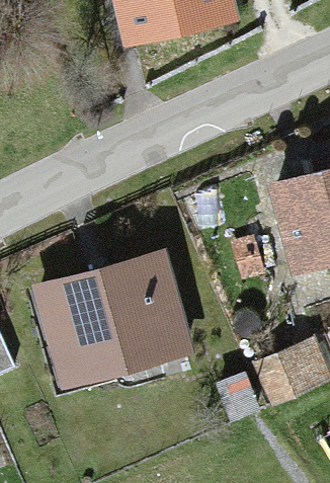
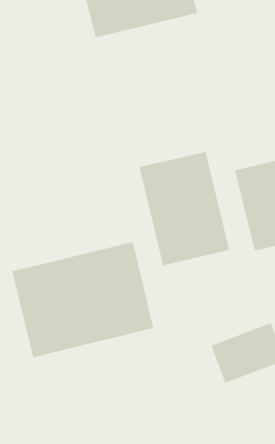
building: none -> [139,151,230,266]

